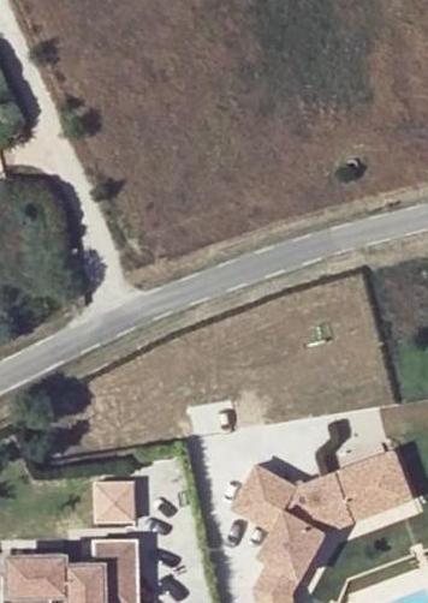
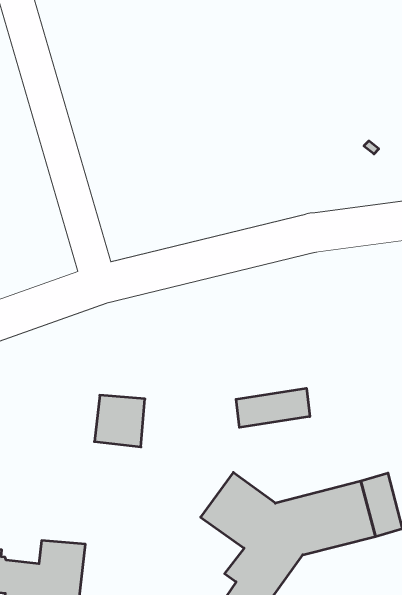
building: none -> [236,388,310,427]
building: [91,476,132,518] -> [94,395,145,447]

